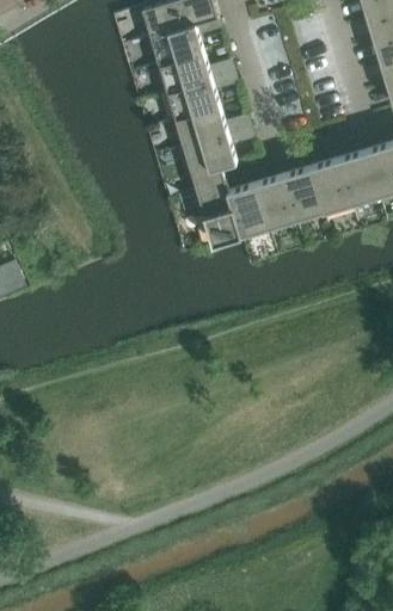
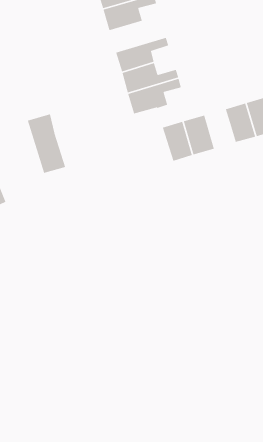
building: [158,53,233,93] -> none
building: [190,166,241,245] -> [27,114,66,174]
building: [283,167,323,220] -> none

